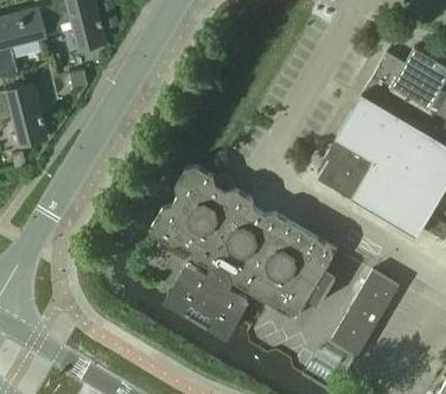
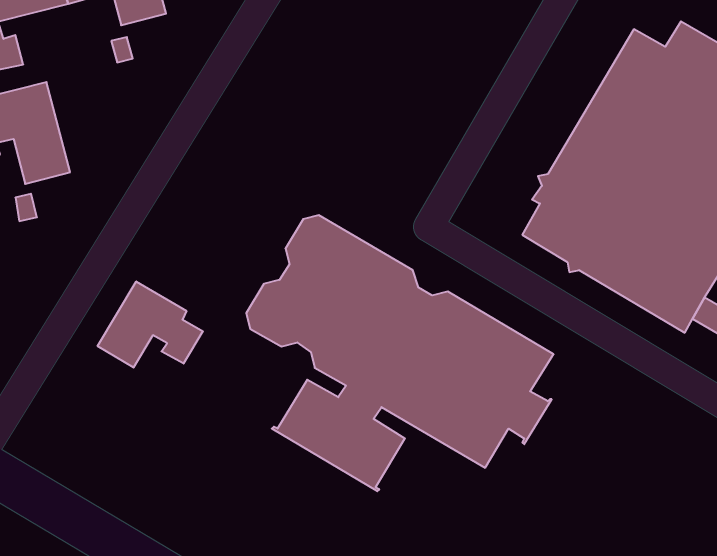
building: none -> [98,281,203,368]
building: [332,271,400,356] -> none

